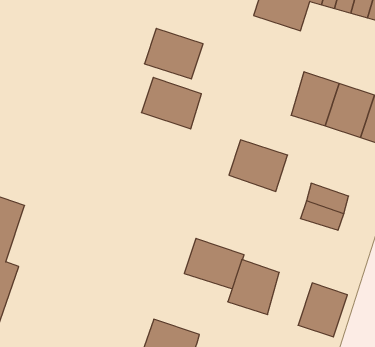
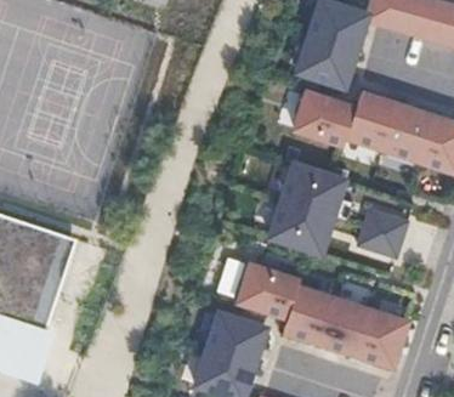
building: [144,28,203,79] -> [296,34,357,86]
building: [141,77,201,129] -> [294,91,356,144]
building: none -> [269,199,330,253]
building: none -> [323,300,369,355]
building: none -> [205,312,265,364]

